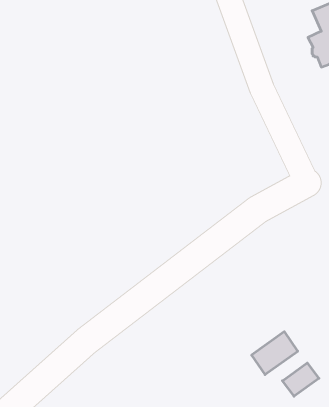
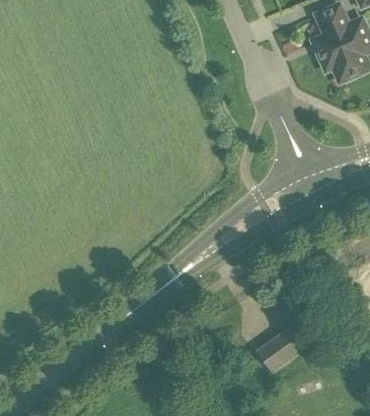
building: [282,363,319,396] -> none

